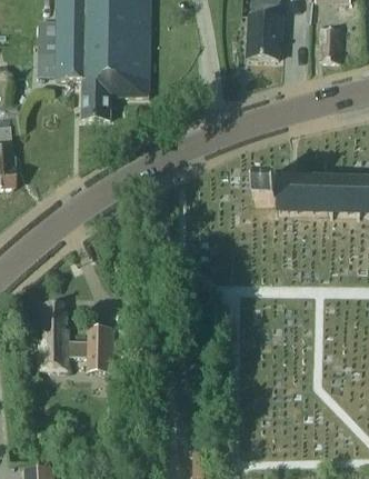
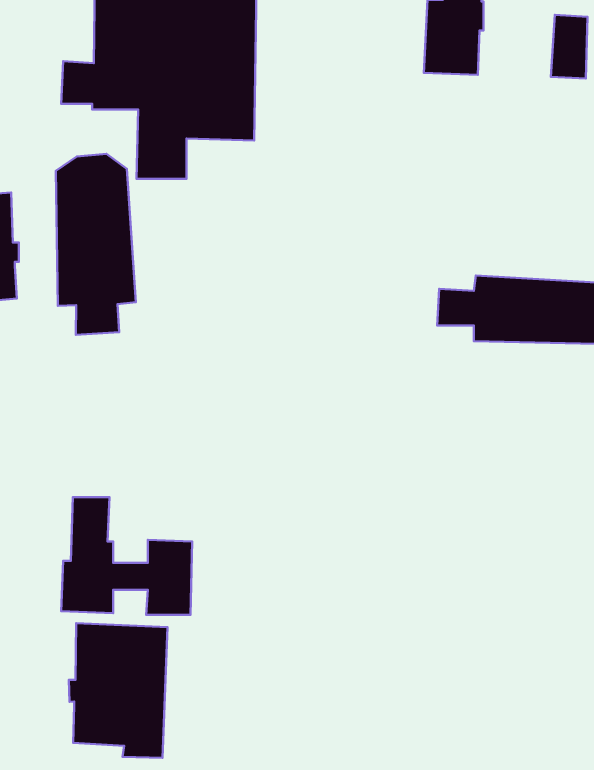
building: none -> [56,154,136,335]
building: none -> [69,623,167,758]

